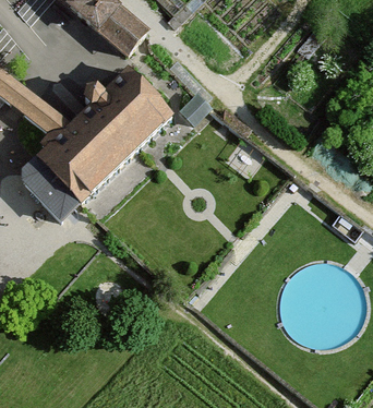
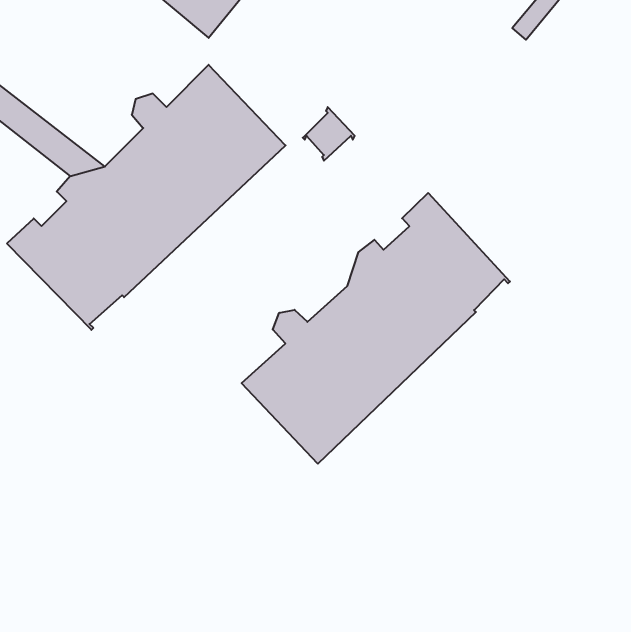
building: none -> [242,193,510,464]

